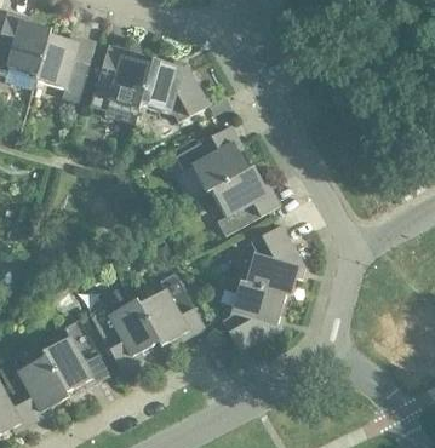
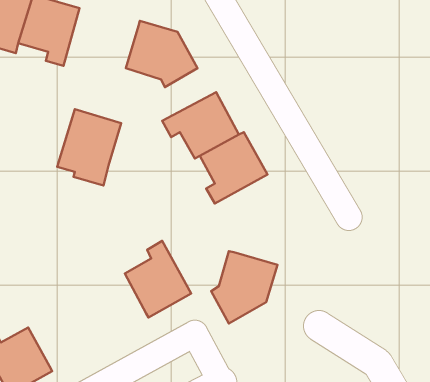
building: [90,48,151,122] -> [57,109,121,186]
building: [244,223,301,294] -> none
building: [90,298,159,363] -> none
building: [42,317,107,391] -> none

